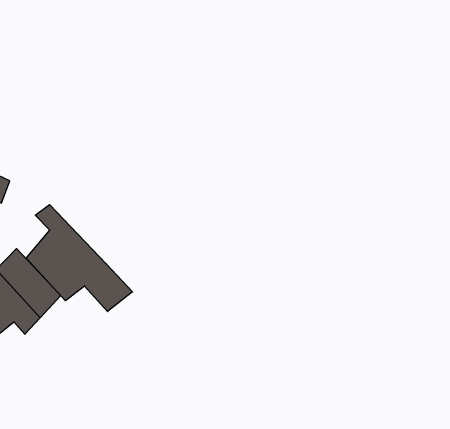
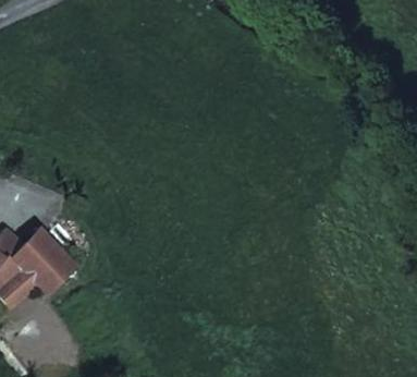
building: [26,205,133,312] -> none

